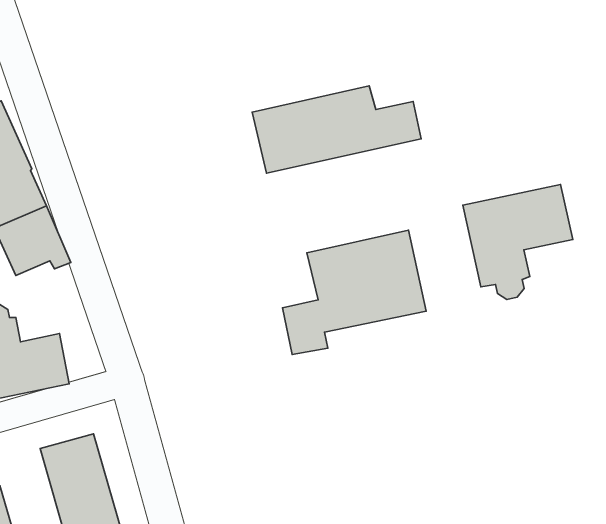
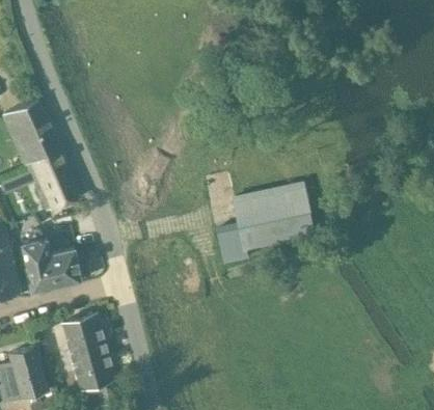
building: [252,86,421,173] -> none
building: [463,185,573,299] -> none

